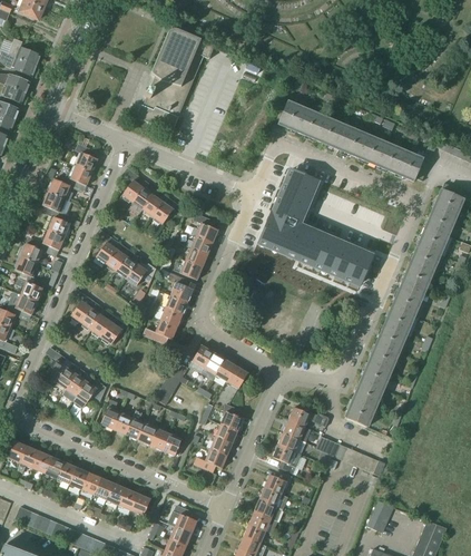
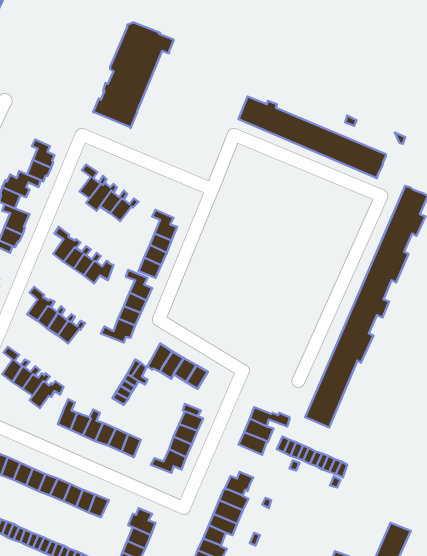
building: [257,173,373,292] -> none
building: [272,443,301,475] -> none
building: [366,500,393,533] -> none

